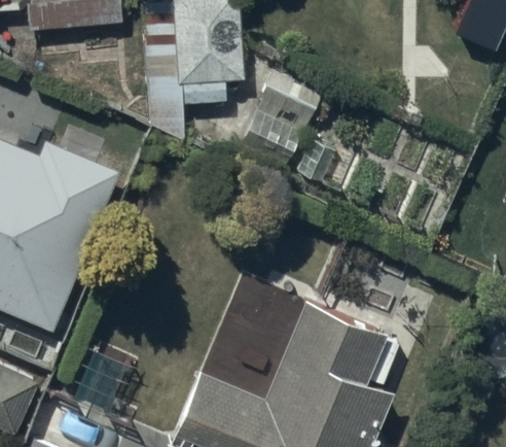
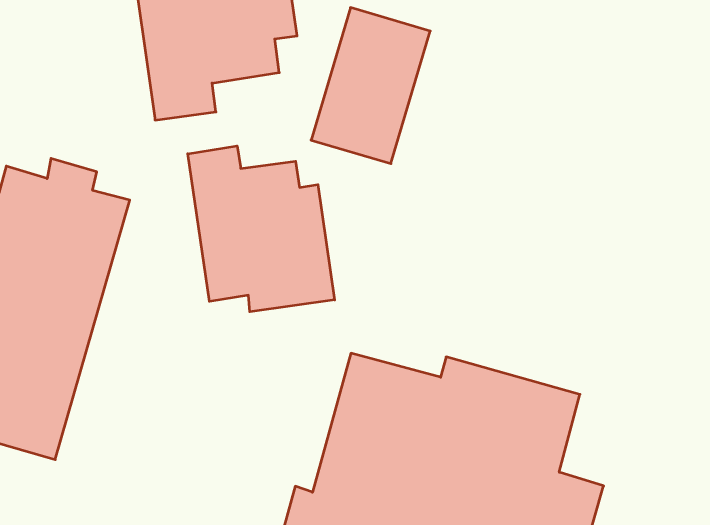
building: none -> [188,146,335,312]

